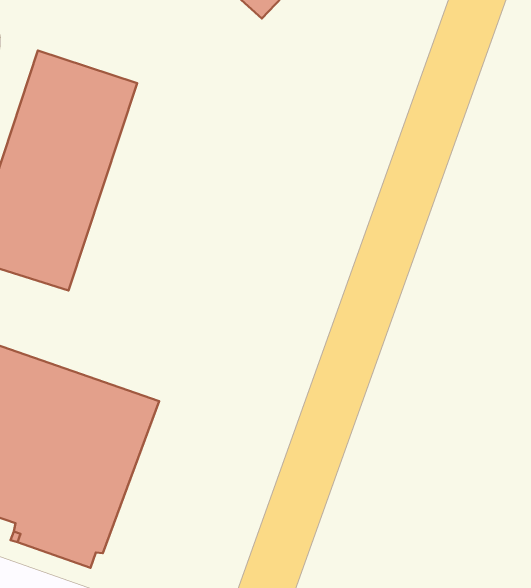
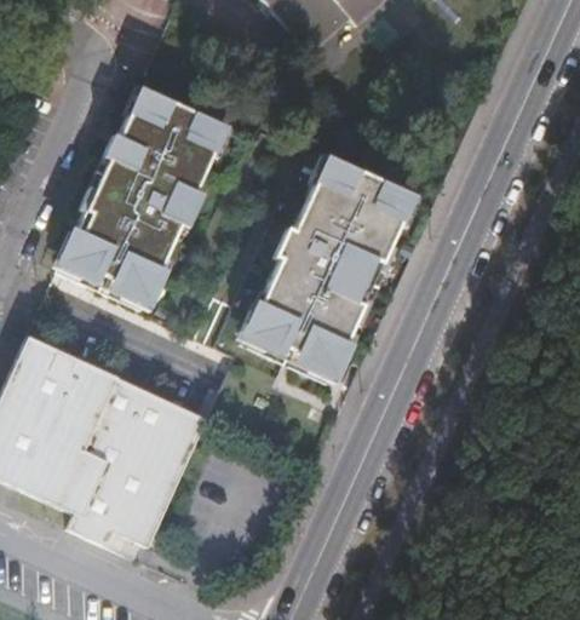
building: none -> [241,157,409,380]

